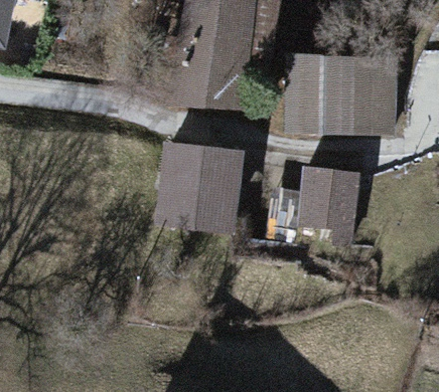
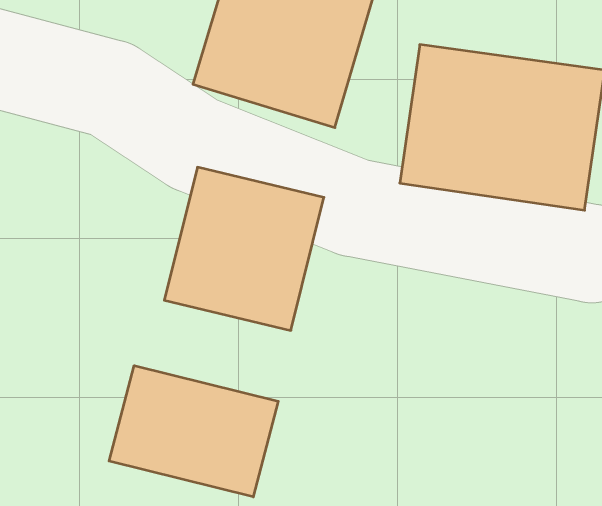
building: [296,169,355,226] -> none
building: none -> [109,366,278,497]

